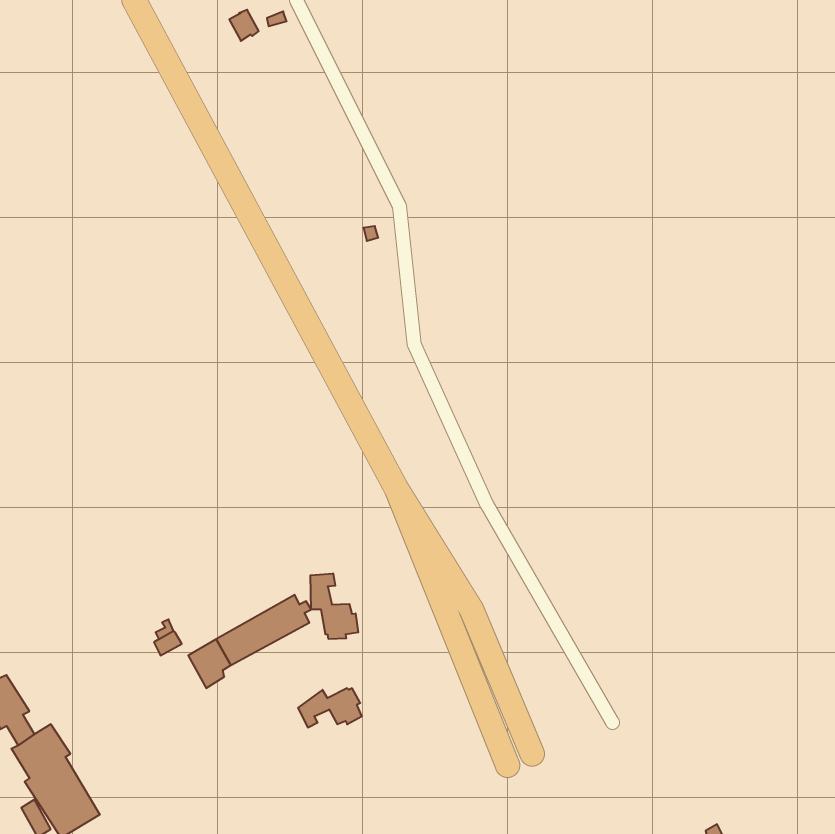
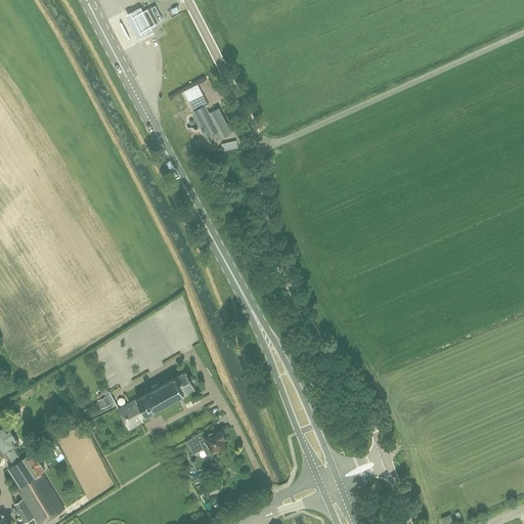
building: none -> [188,97,231,139]
building: [310,573,358,639] -> none

